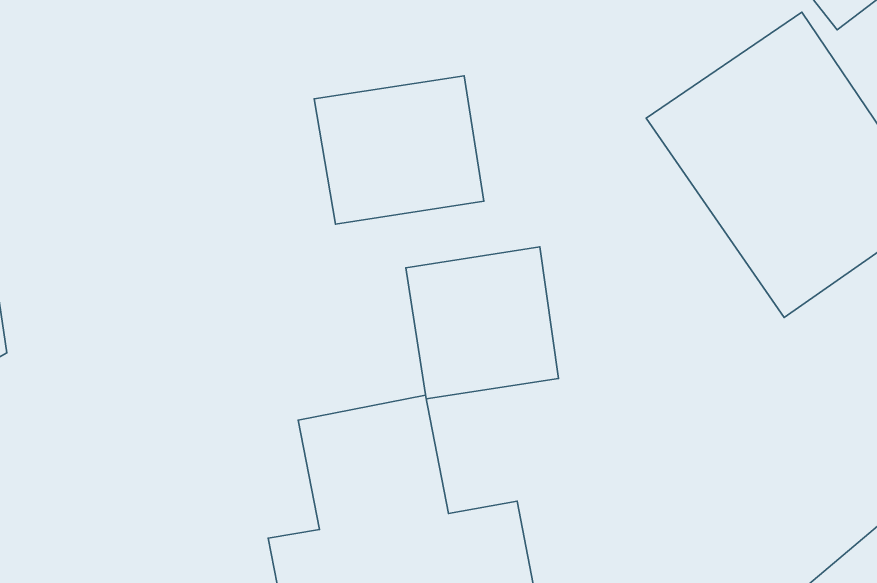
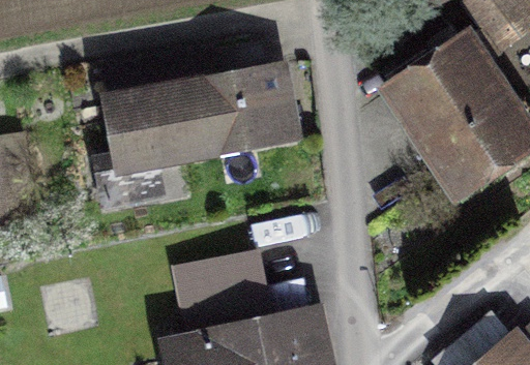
building: none -> [95,80,203,210]
building: [406,247,559,399] -> none

